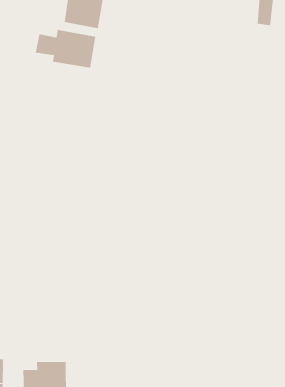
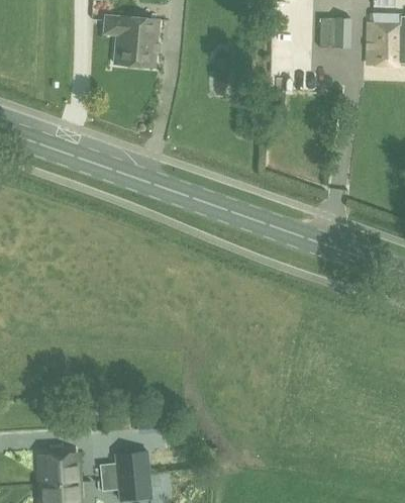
building: [35,29,96,69] -> none

